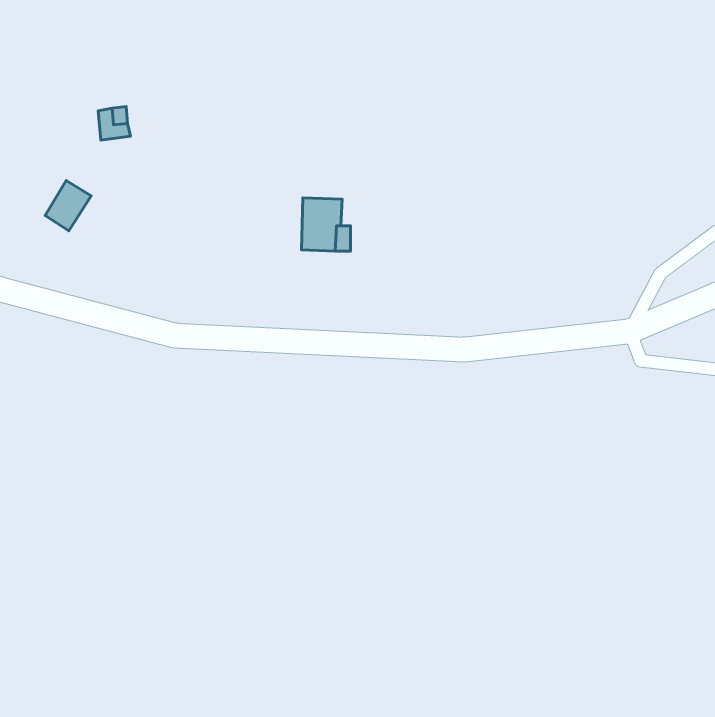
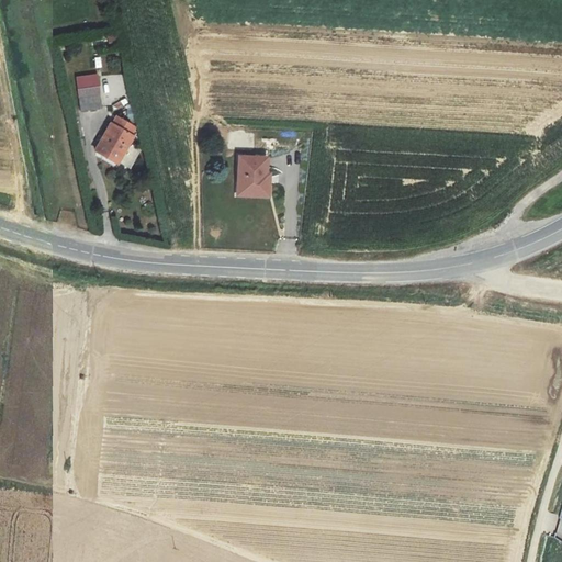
building: [45,180,91,231] -> [95,122,132,161]

